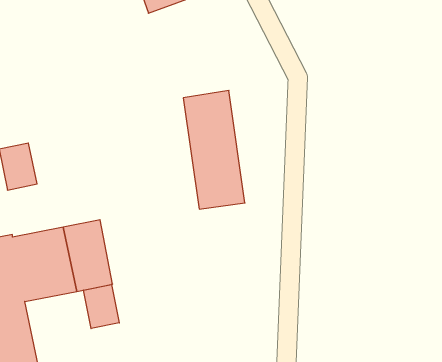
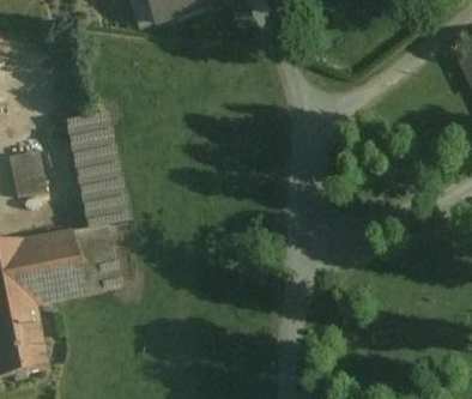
building: [183,90,245,209] -> [69,104,129,219]
building: [83,284,119,329] -> none

